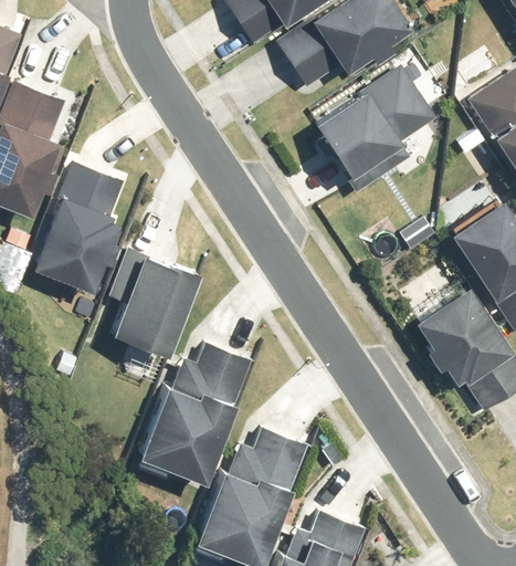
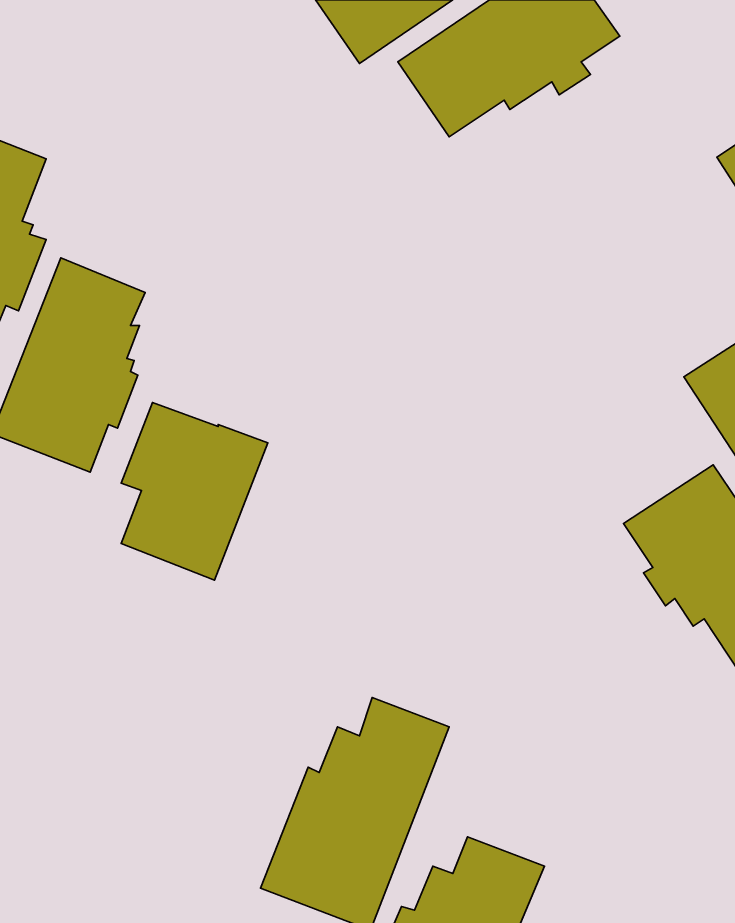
building: [316,67,439,192] -> none
building: [139,343,253,483] -> none

